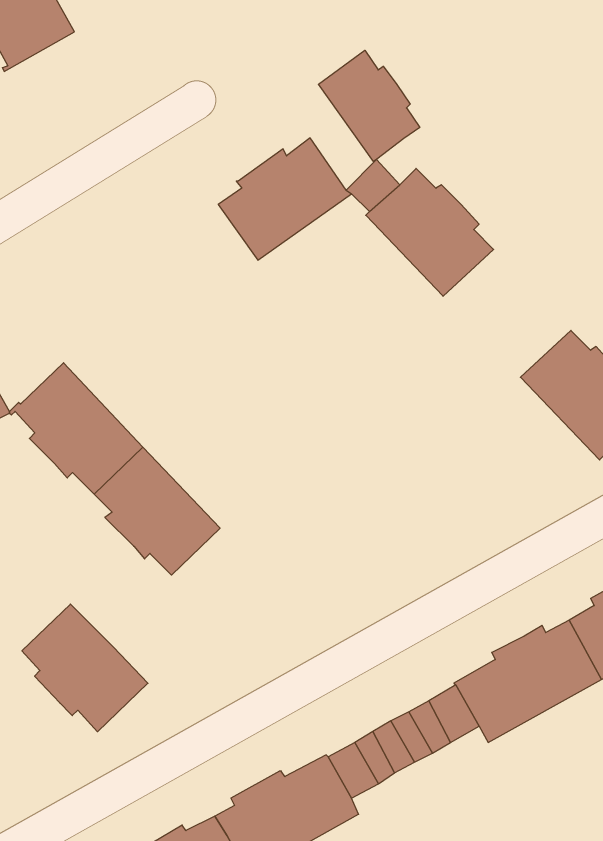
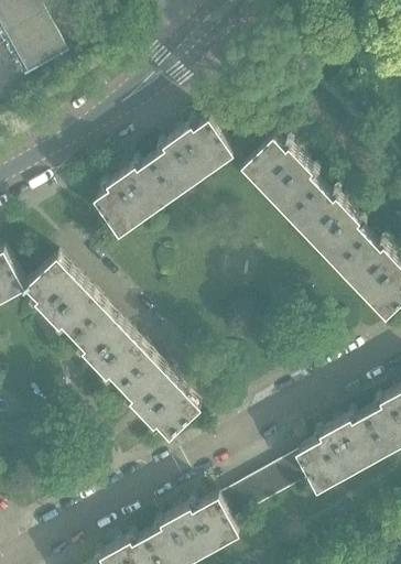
building: [318,50,420,162] -> none
building: none -> [94,163,175,237]
building: none -> [289,191,367,269]
building: [22,604,148,732] -> [122,361,199,440]

